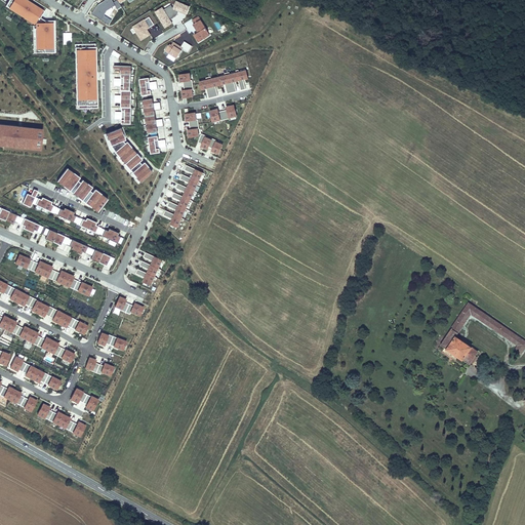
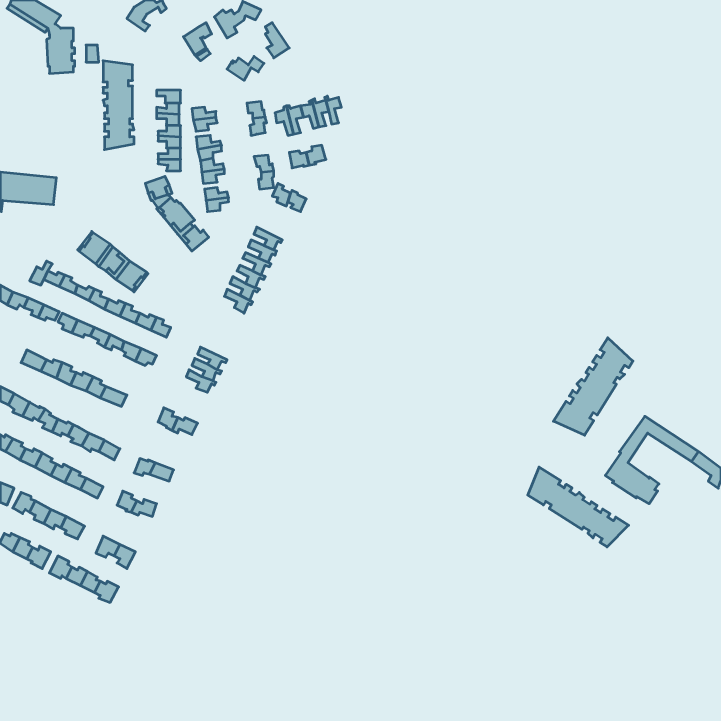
building: none -> [553,338,633,435]
building: none -> [528,467,629,547]

